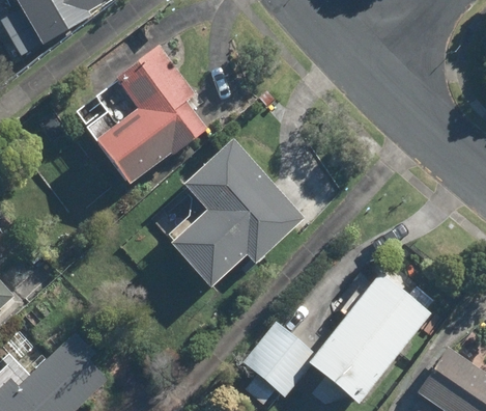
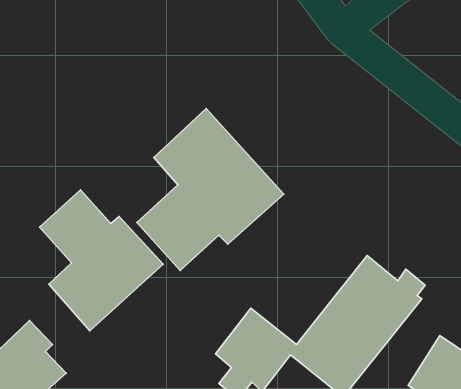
building: [95,46,207,186] -> none
building: none -> [39,190,163,331]

